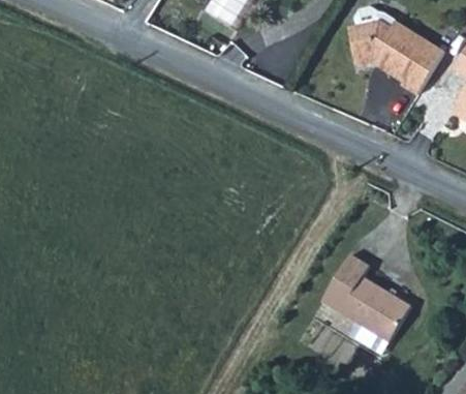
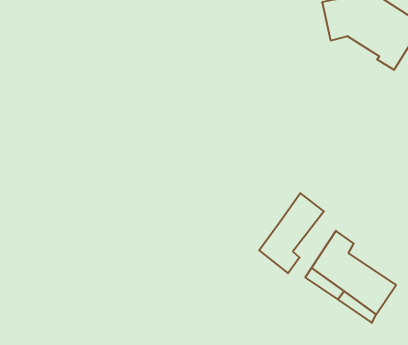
building: none -> [259,193,324,273]

